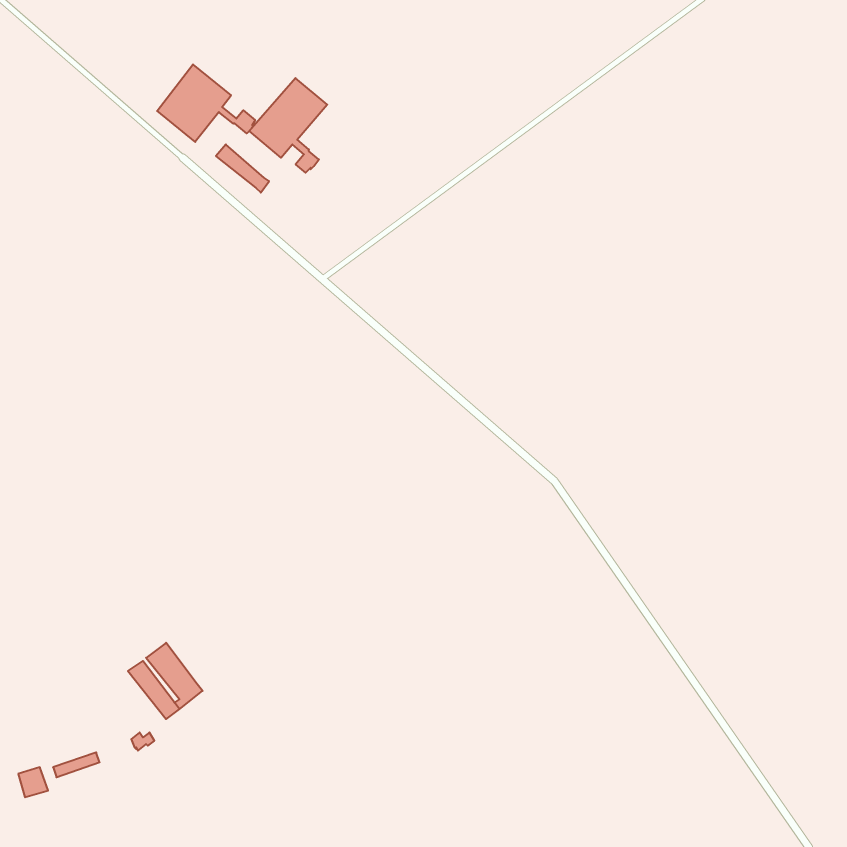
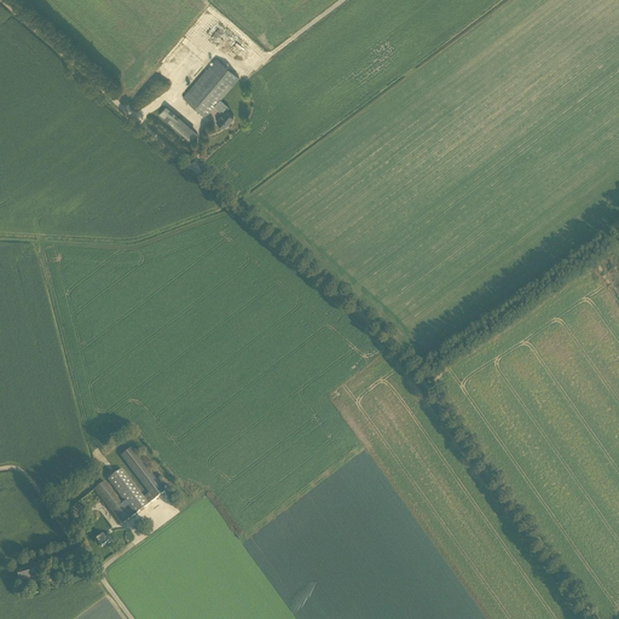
building: [157,64,255,142] -> none
building: none -> [120,447,163,503]

